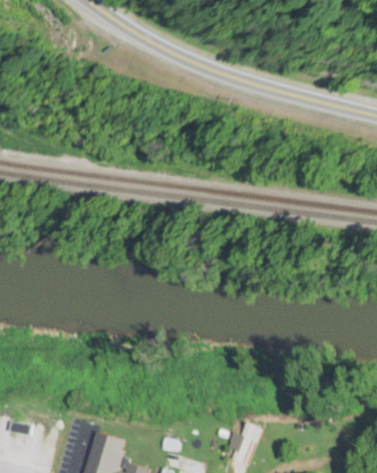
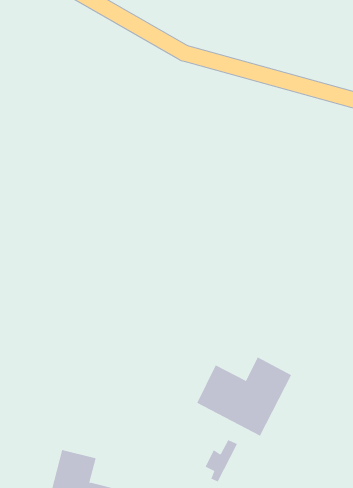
building: none -> [197,357,292,436]

